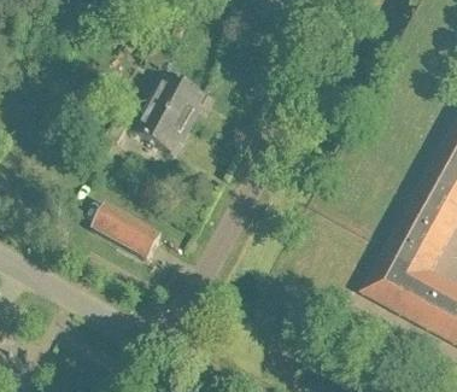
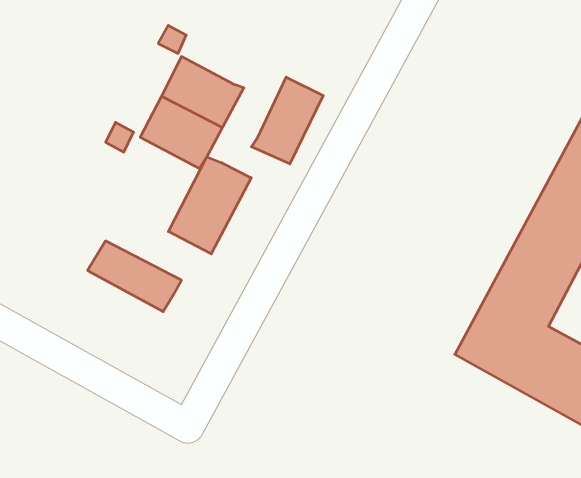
building: none -> [251,77,323,164]
building: none -> [168,157,251,254]

